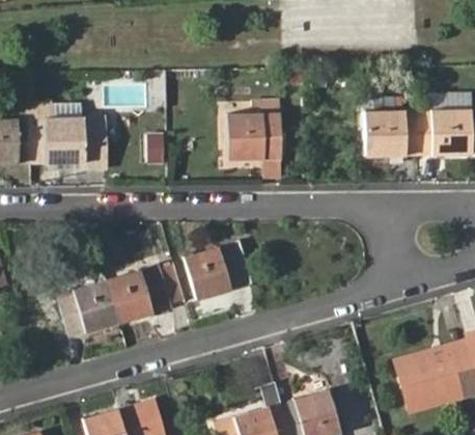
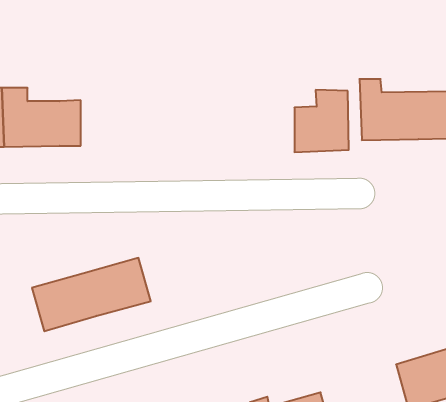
building: [230,100,281,158] -> [294,90,349,152]
building: [186,242,253,297] -> none

